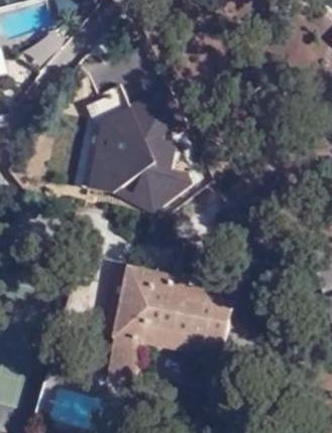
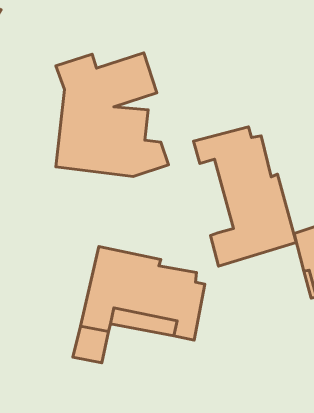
building: none -> [194,127,296,266]

